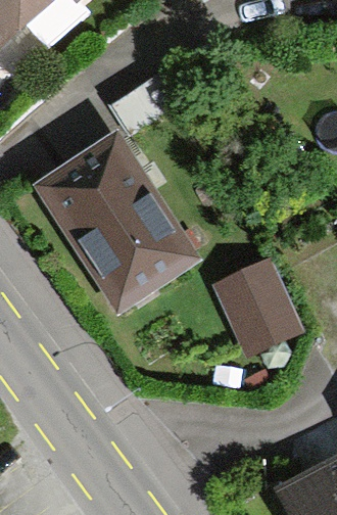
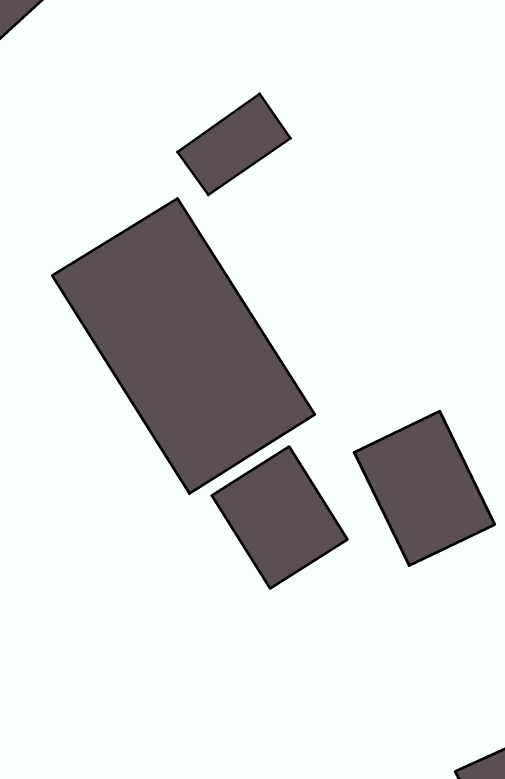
building: none -> [212,447,347,588]

